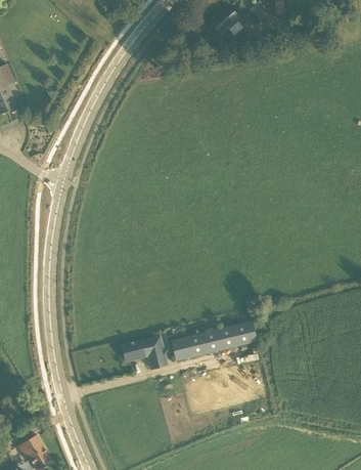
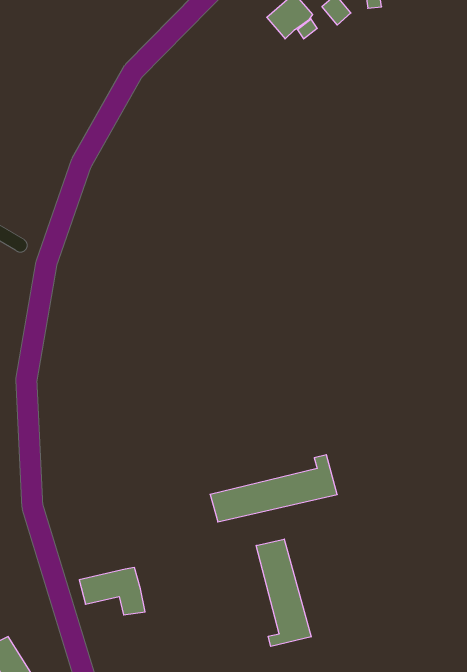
building: [122,338,166,370] -> [79,568,145,615]
building: none -> [256,539,311,646]

